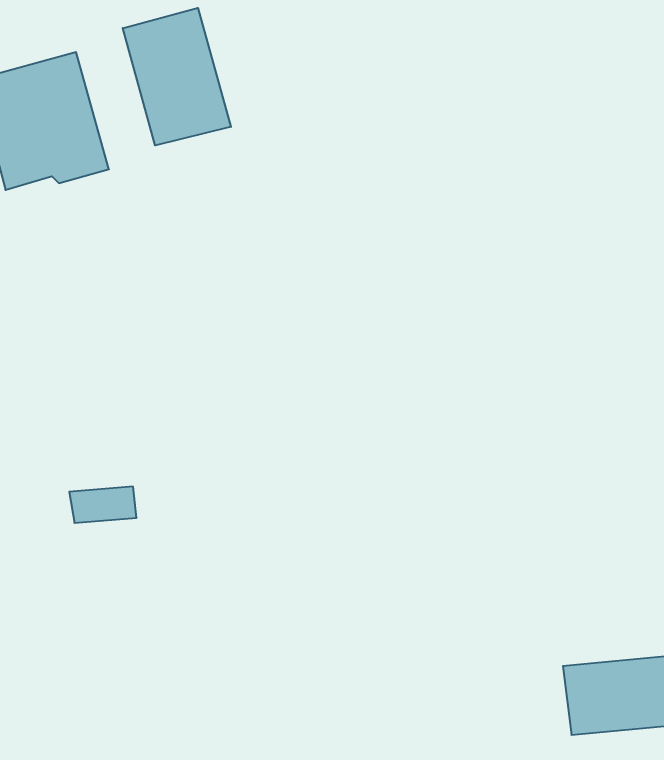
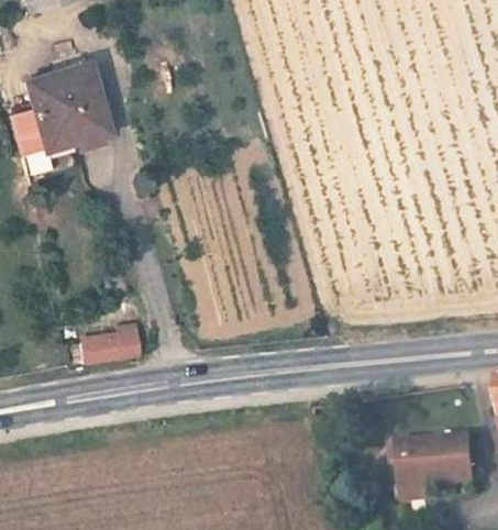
building: [123,8,231,145] -> none

